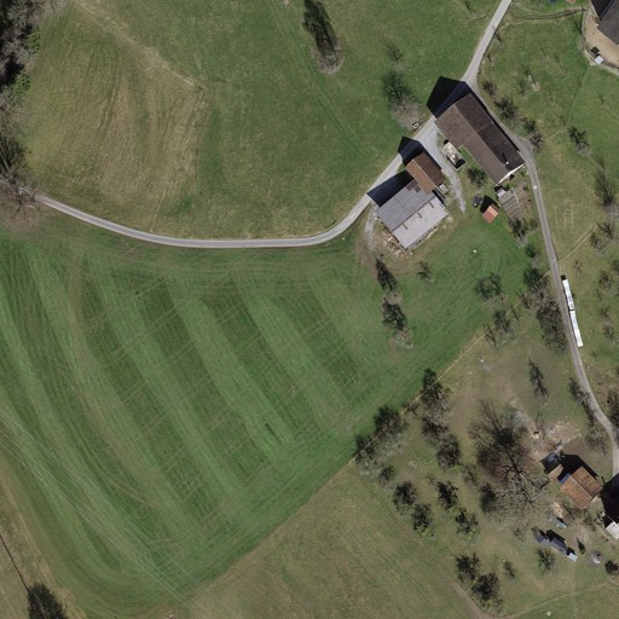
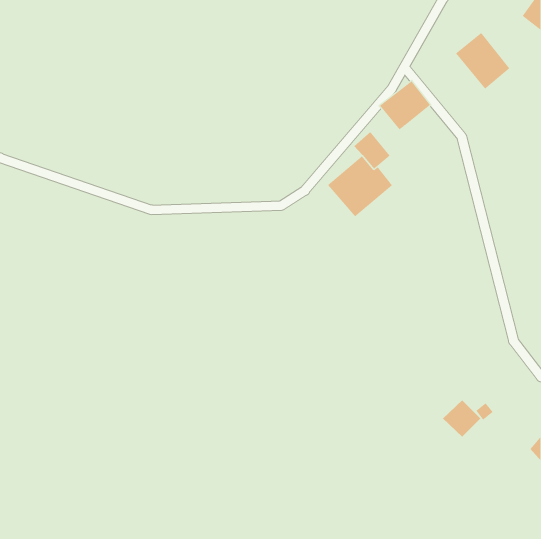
building: [462,120,525,185] -> [455,32,510,89]
building: [559,465,603,509] -> [442,399,481,438]

